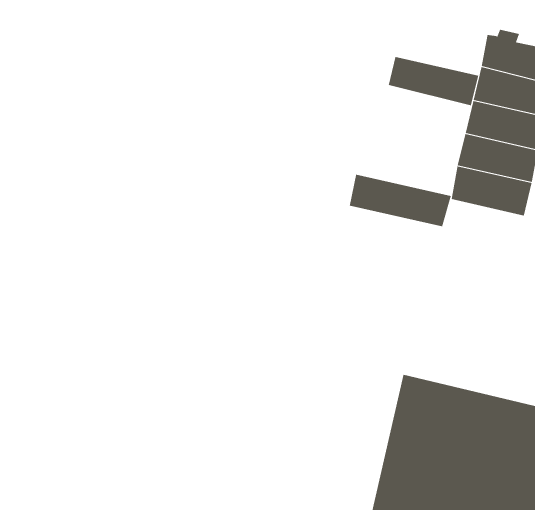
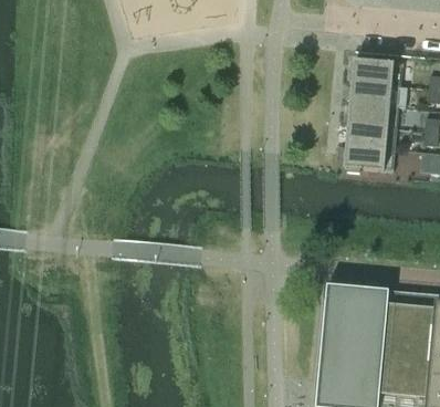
building: [388,56,479,106] -> none
building: [349,174,451,227] -> none

